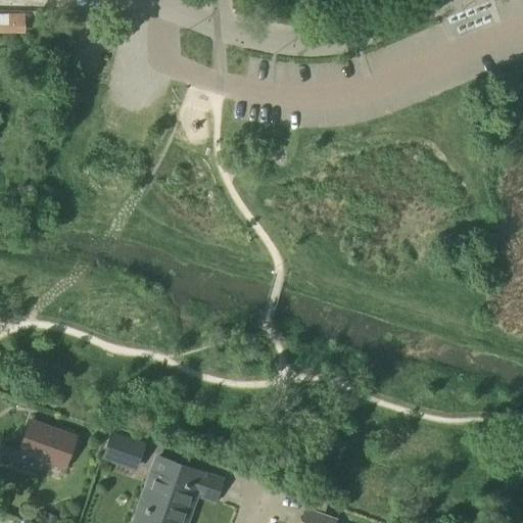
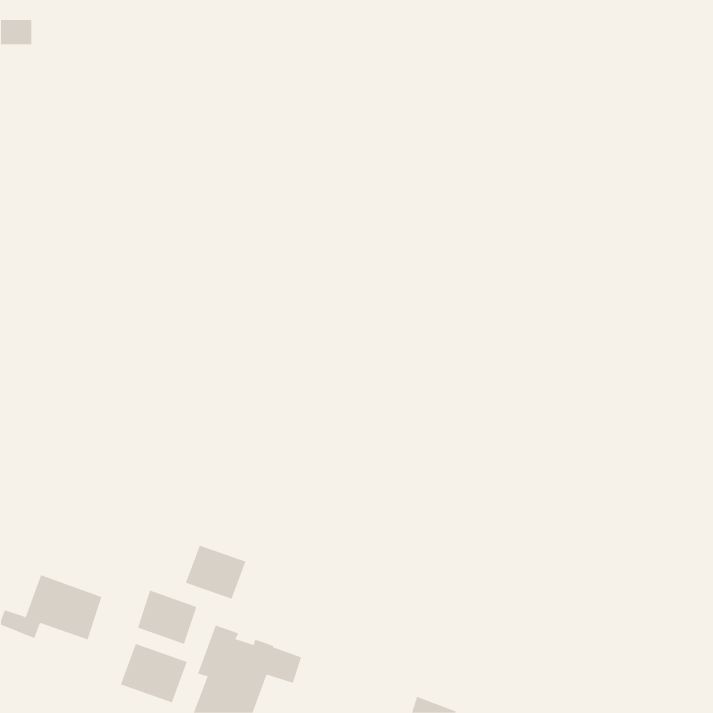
building: none -> [185,545,246,600]
building: none -> [120,643,188,703]

